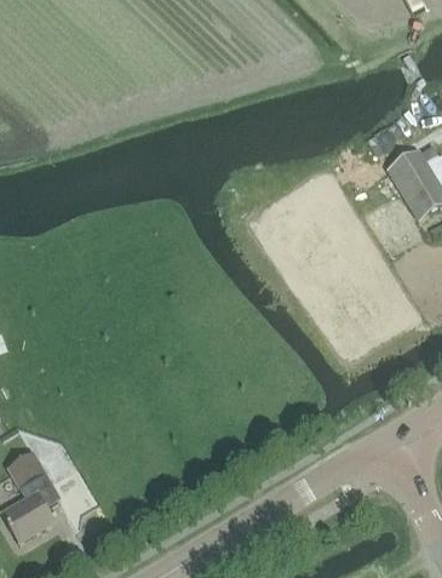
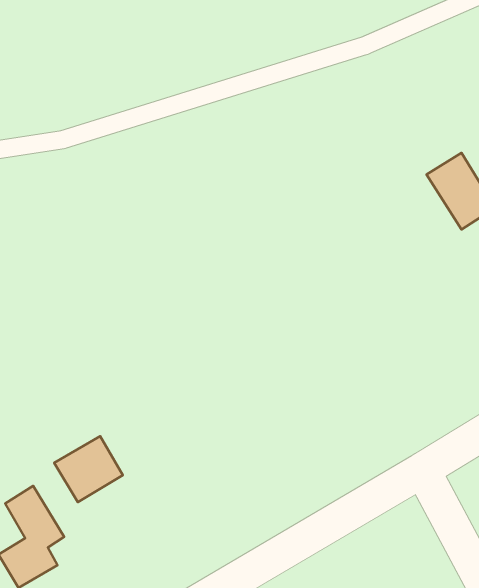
building: none -> [54,436,123,502]

